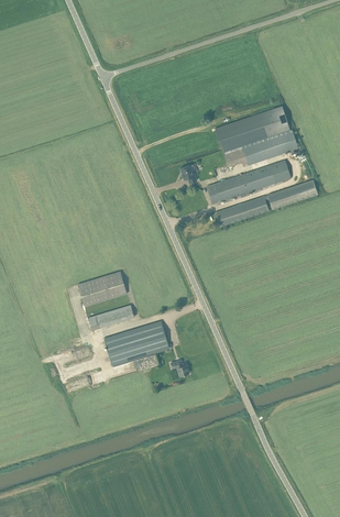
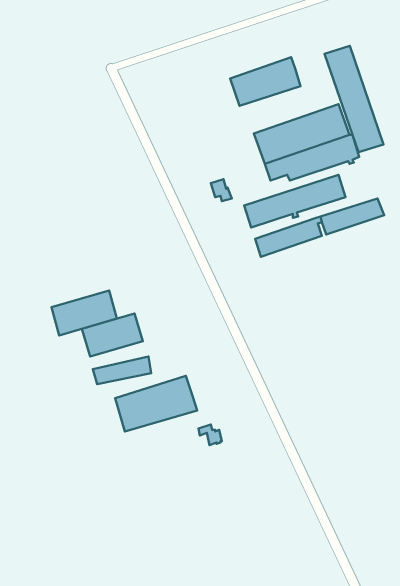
building: none -> [325,46,384,152]
building: none -> [230,57,300,106]
building: none -> [51,290,117,335]

